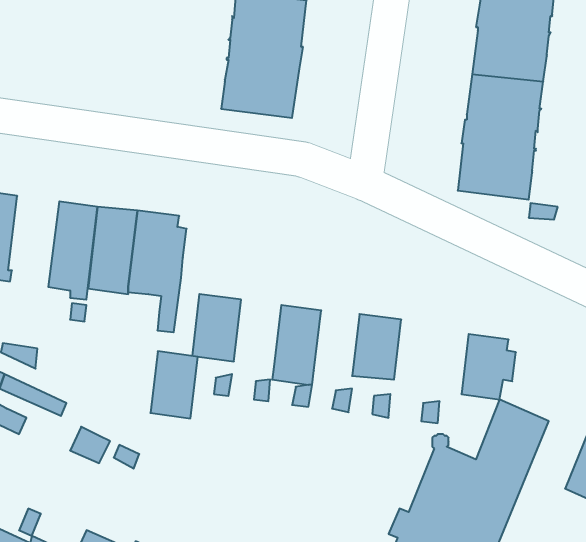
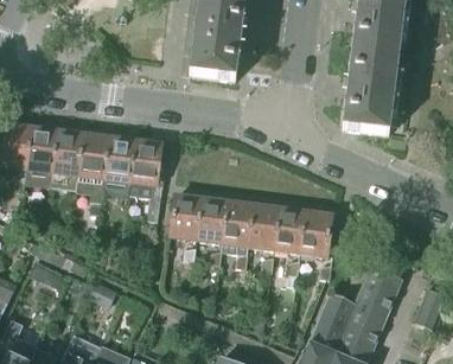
building: none -> [50,130,83,190]
building: none -> [249,205,279,248]
building: [461,334,516,400] -> [301,211,337,254]
building: [150,351,198,418] -> [197,198,228,242]

